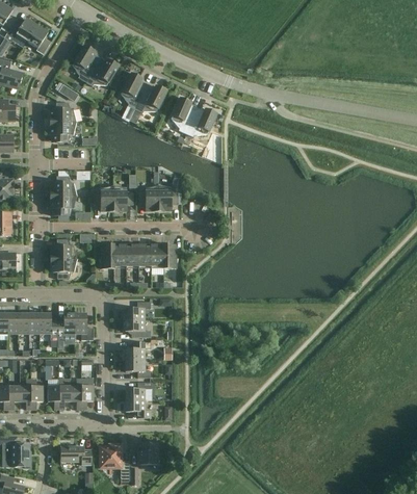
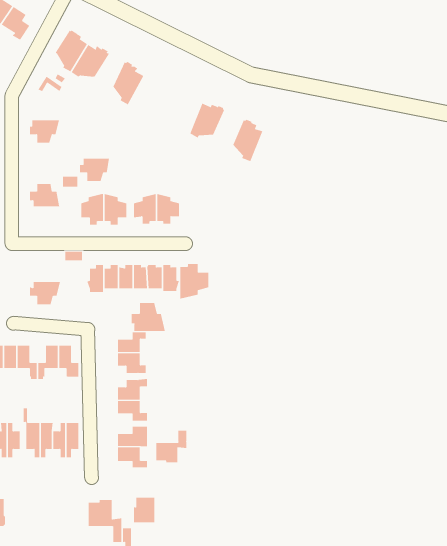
building: [134,84,166,113] -> none
building: [171,97,197,133] -> [233,119,263,162]
building: [50,102,76,122] -> none
building: [50,196,76,215] -> [79,158,110,182]
building: [50,239,78,259] -> none
building: none -> [180,263,209,299]
building: none -> [131,302,165,332]
building: none -> [156,430,187,463]
building: [60,446,90,464] -> none

